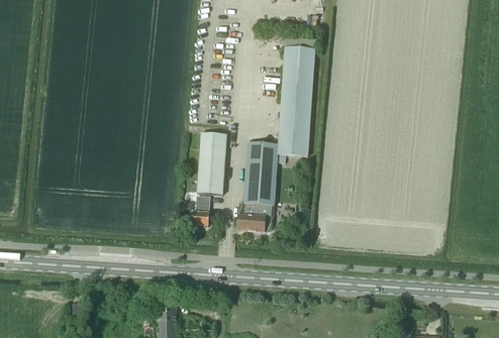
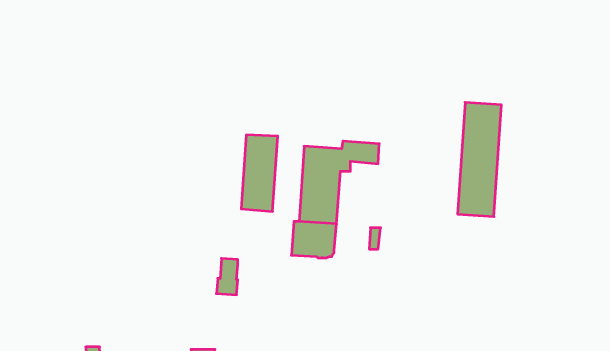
building: [279,48,314,140] -> [458,102,501,217]
building: [192,196,209,225] -> [216,258,238,295]

